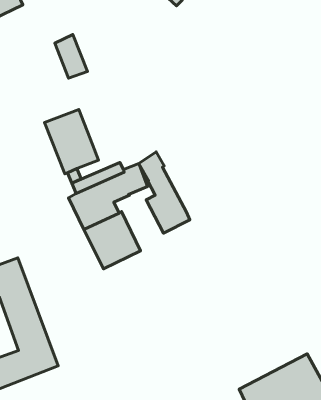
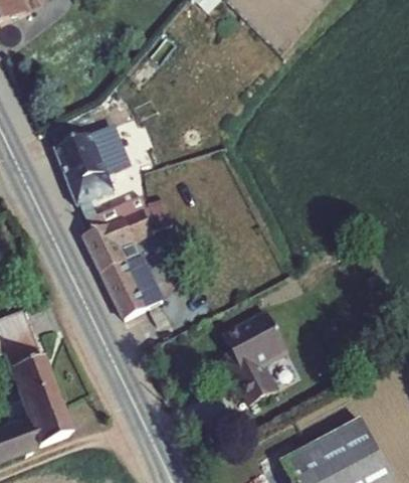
building: [55,34,87,78] -> [95,123,134,174]
building: [139,152,190,233] -> none
building: none -> [217,303,285,398]

